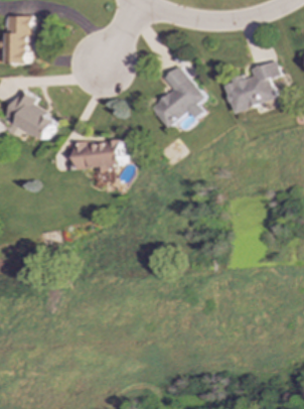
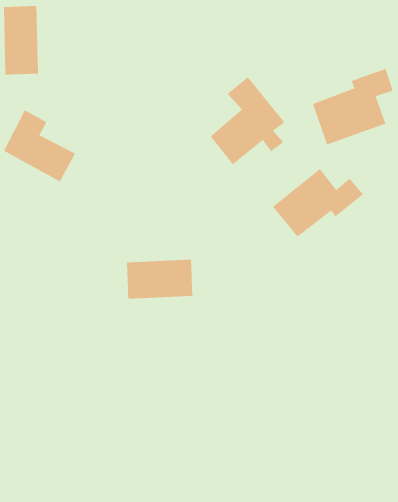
building: none -> [272,168,364,238]
building: [73,140,121,168] -> [126,259,193,299]

